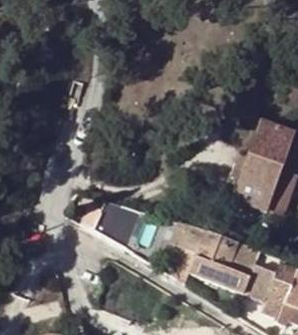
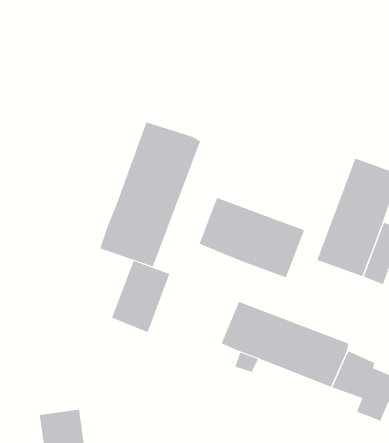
building: none -> [100,121,201,267]
building: none -> [199,197,305,278]

